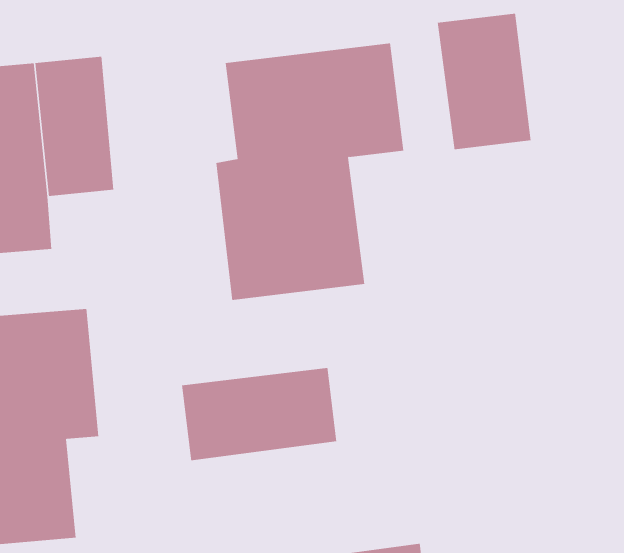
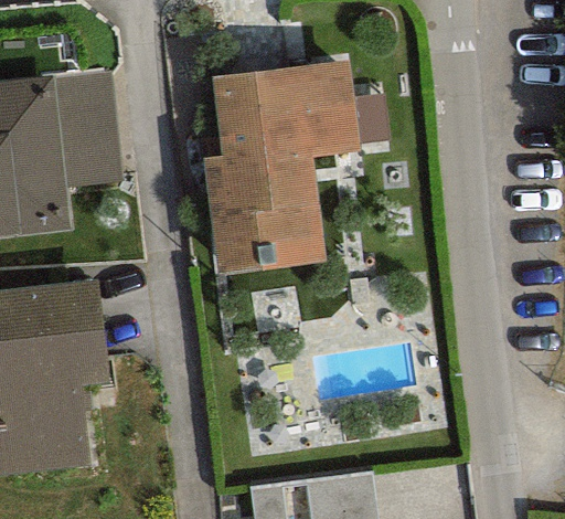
building: [437,13,531,150] -> none
building: [181,367,337,461] -> none

